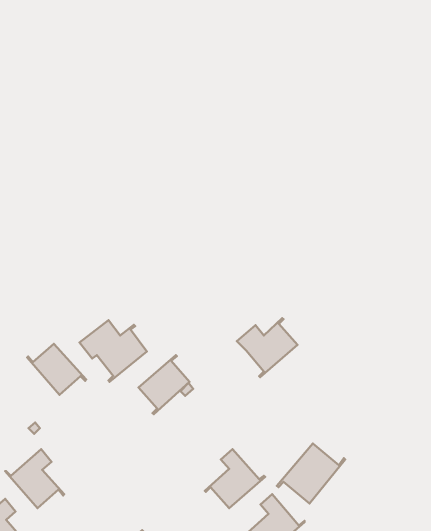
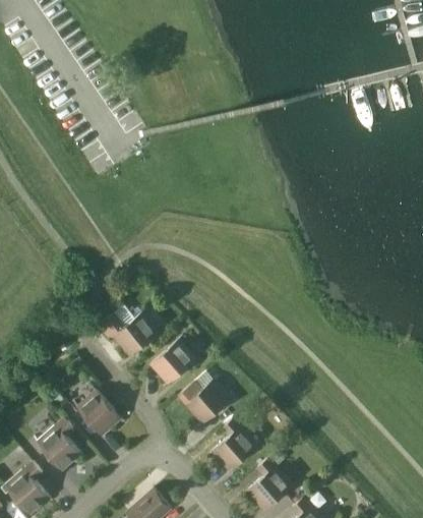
building: [237,318,297,377] -> [178,376,231,427]
building: [27,344,86,395] -> [73,391,125,436]
building: [277,444,345,503] -> none

